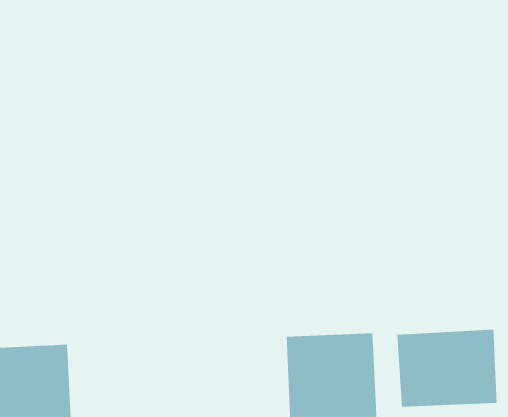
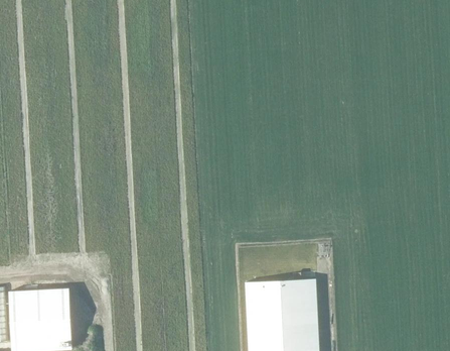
building: [397,329,497,408] -> none

